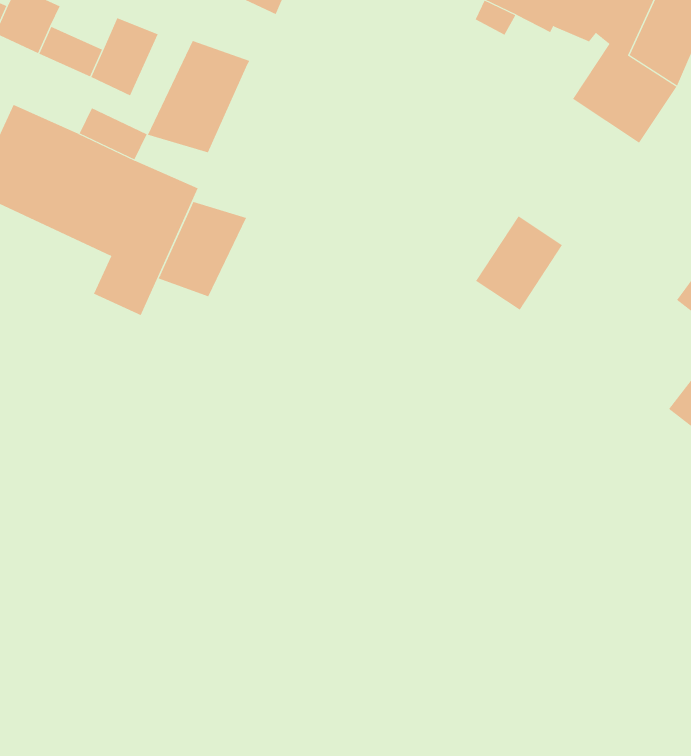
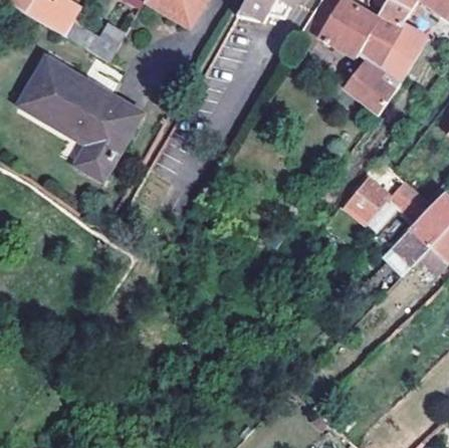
building: [147,40,250,153] -> none
building: [158,201,247,297] -> none
building: [475,215,563,310] -> [343,175,391,225]

